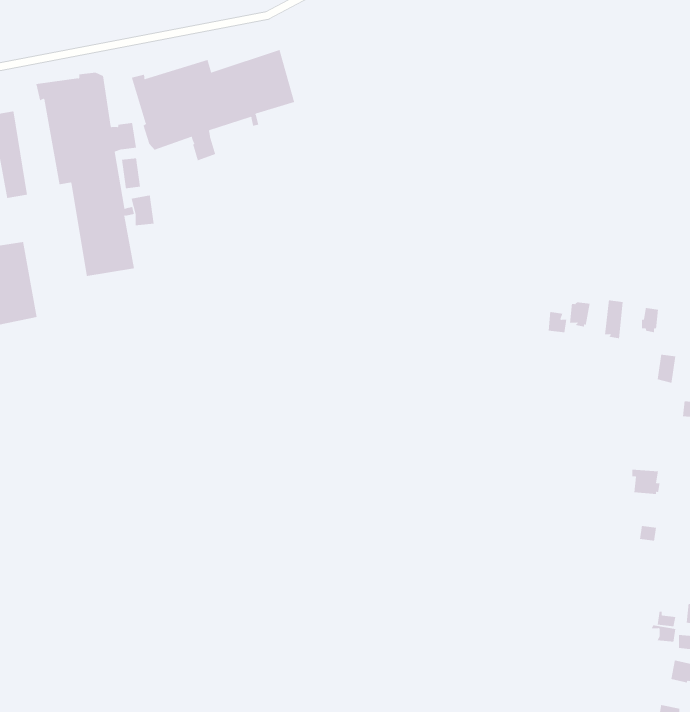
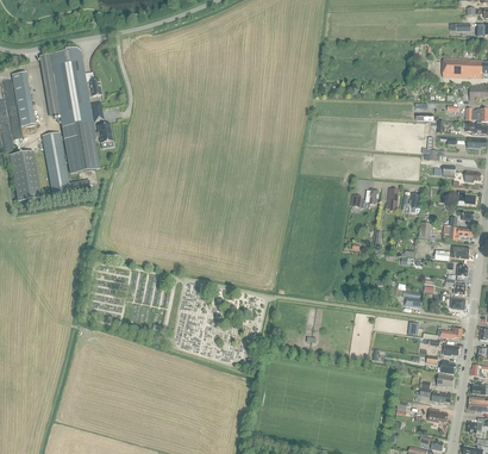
building: [131,49,295,161] -> none
building: none -> [40,131,69,195]

